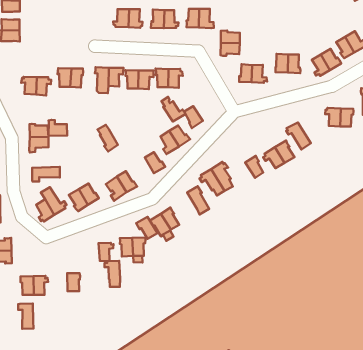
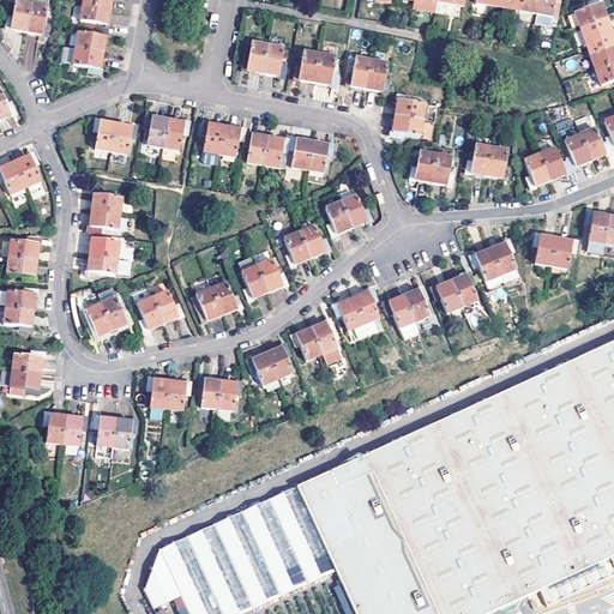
building: [162,97,186,121] -> [338,187,371,224]
building: none -> [489,241,517,282]
building: [48,120,67,136] -> [89,231,119,258]
building: [98,125,118,151] -> [240,258,266,297]
building: none -> [386,295,417,338]
building: [136,217,157,239] -> [293,326,321,359]
building: [104,261,120,287] -> [146,378,169,419]
building: [18,303,33,329] -> [94,415,116,455]

